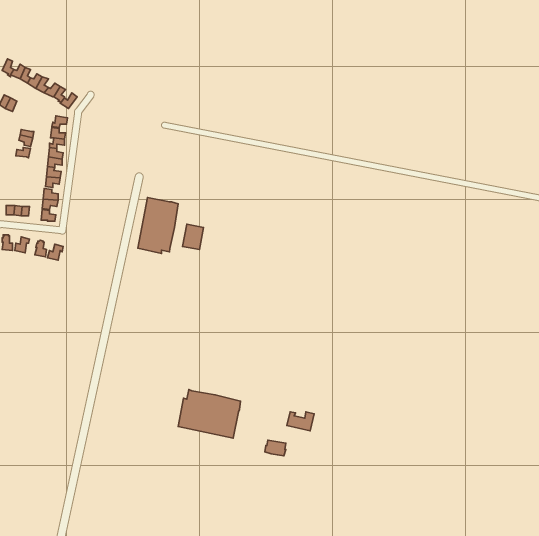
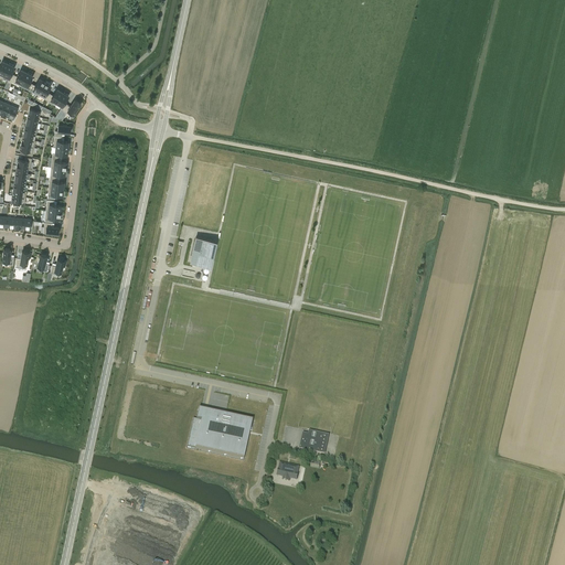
building: [138,198,178,253] -> none

